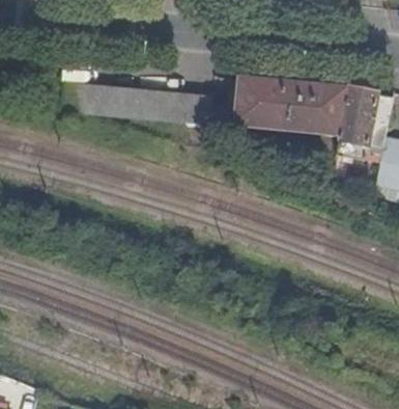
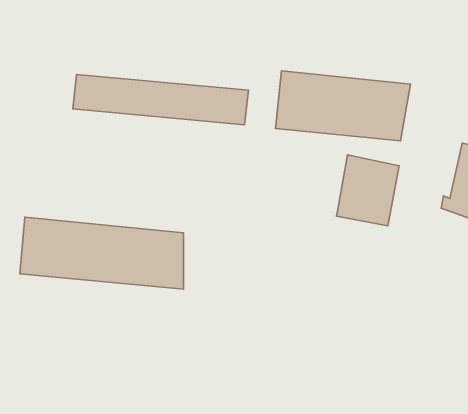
building: [340,90,393,151] -> [336,155,399,226]
building: none -> [20,217,184,289]

